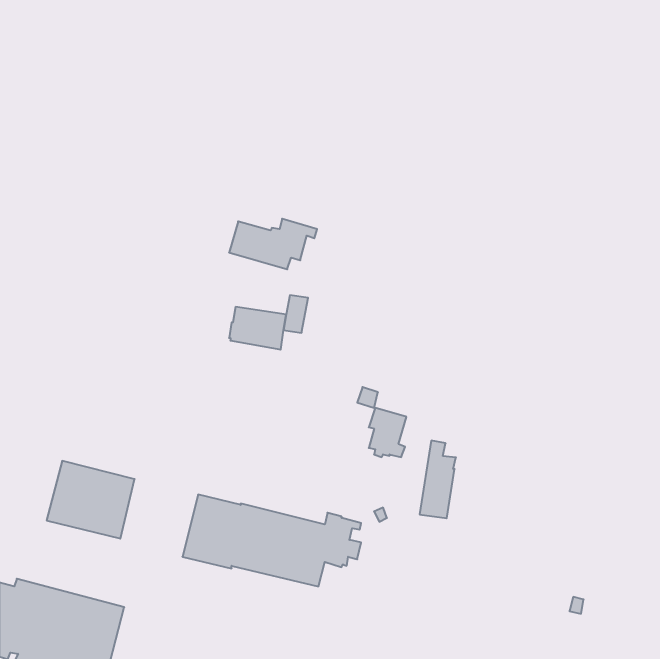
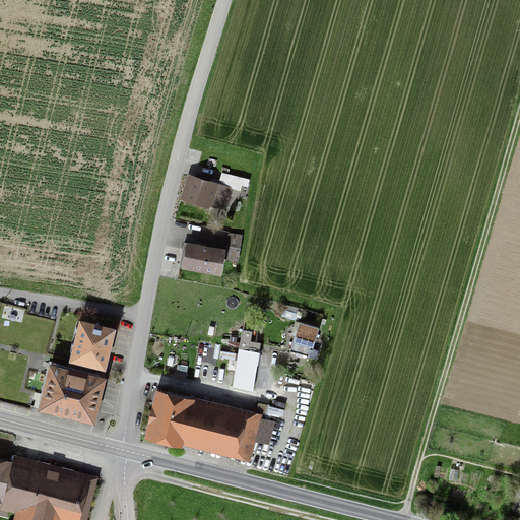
building: none -> [68,319,116,372]
building: [420,441,456,518] -> [232,331,260,392]

